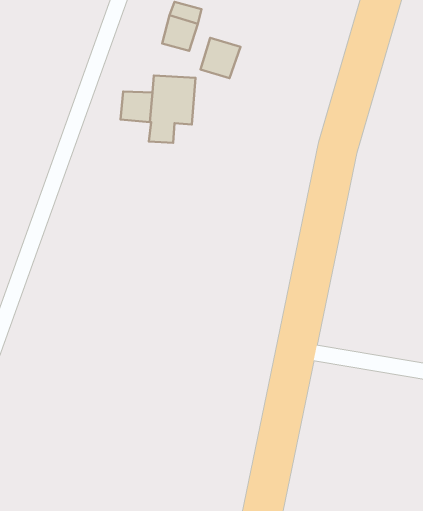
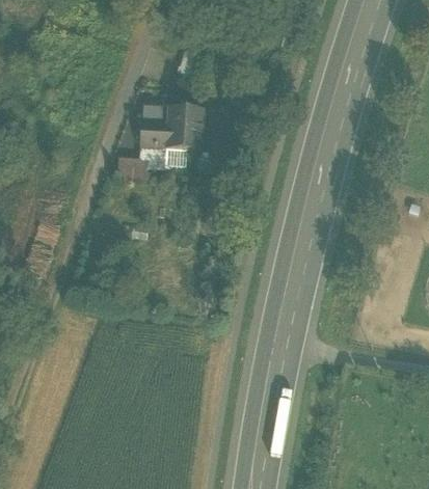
building: [201,38,240,78] -> none
building: none -> [116,155,145,180]

